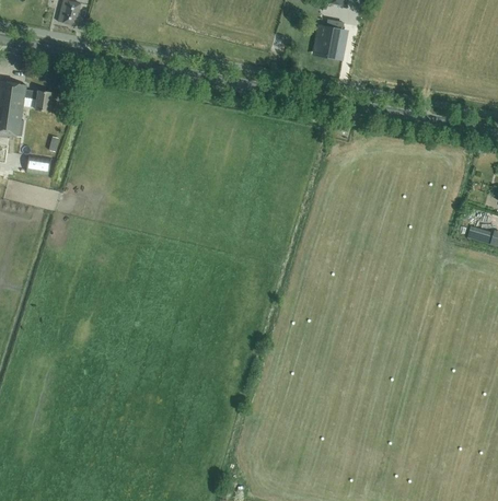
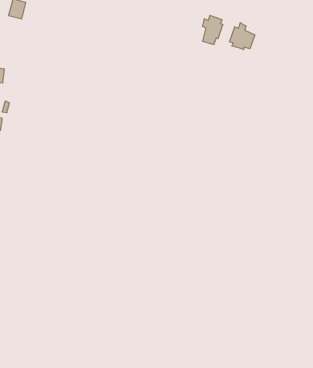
building: none -> [230,23,255,50]

